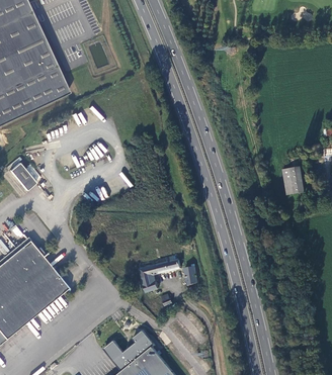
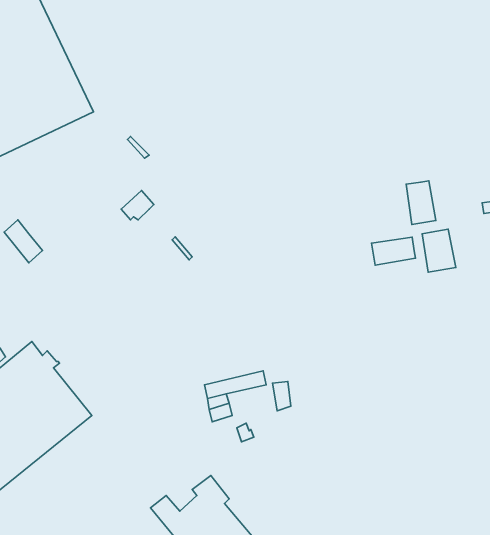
building: none -> [406,181,436,225]
building: none -> [371,237,416,265]

